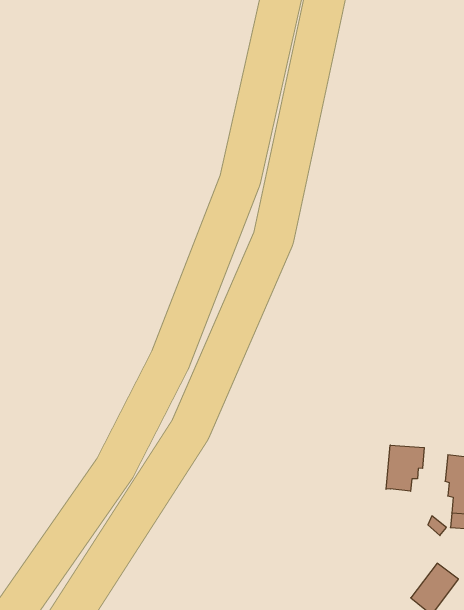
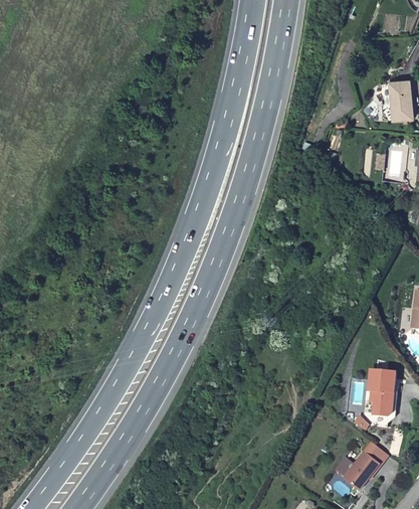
building: [386,445,424,491] -> none

